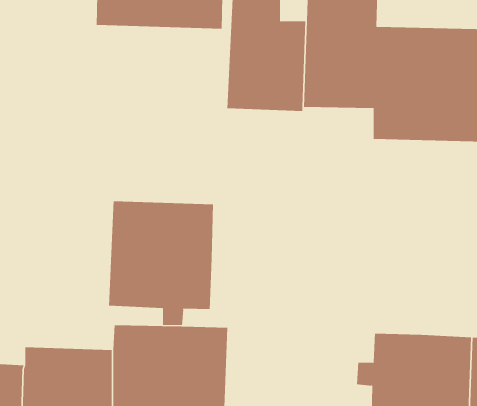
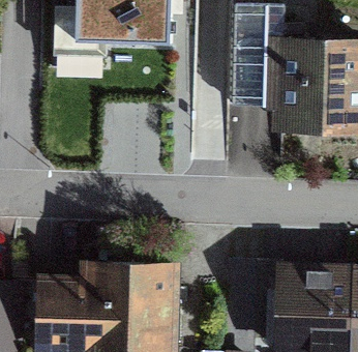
building: [108,200,213,326] -> none

